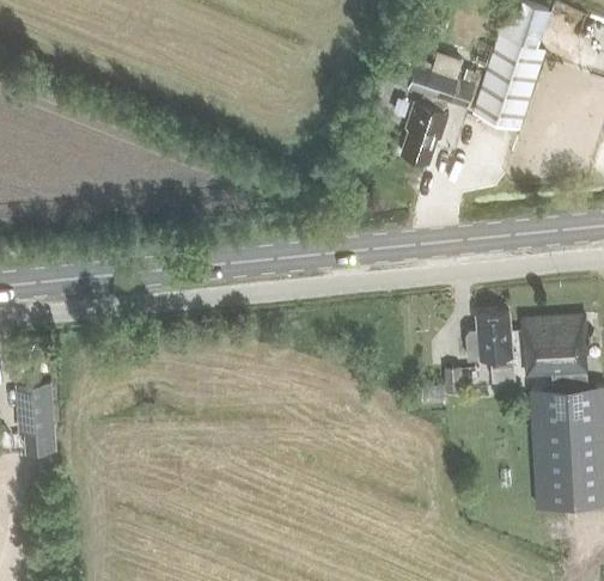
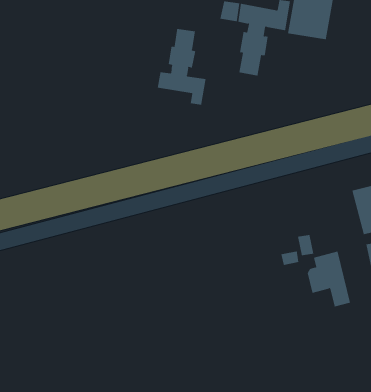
building: none -> [157,28,206,106]
building: [466,314,515,384] -> [307,251,351,307]

